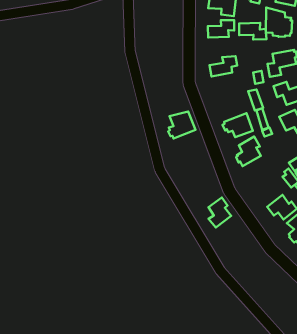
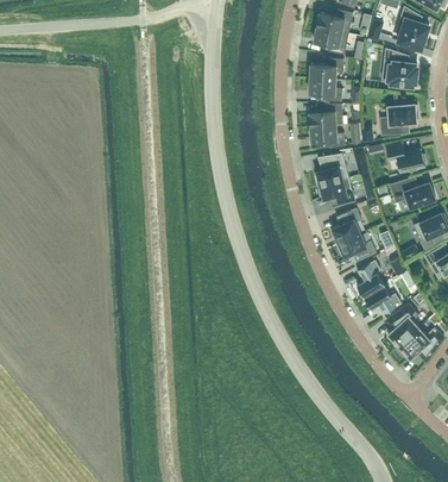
building: [239,23,266,40] -> [309,79,342,101]
building: none -> [310,125,346,148]
building: [168,112,196,139] -> [315,154,349,186]
building: none -> [339,232,377,262]
building: [208,198,231,228] -> [356,259,385,296]

